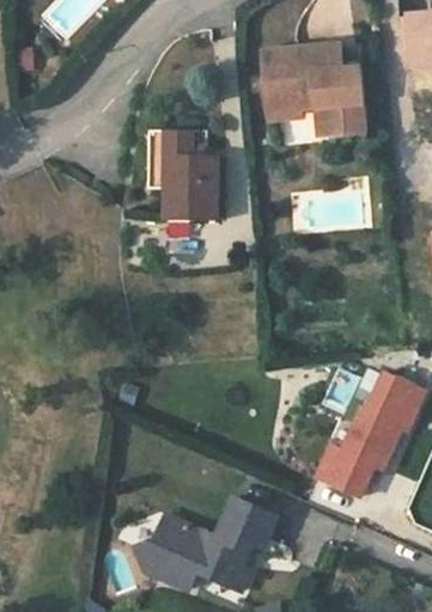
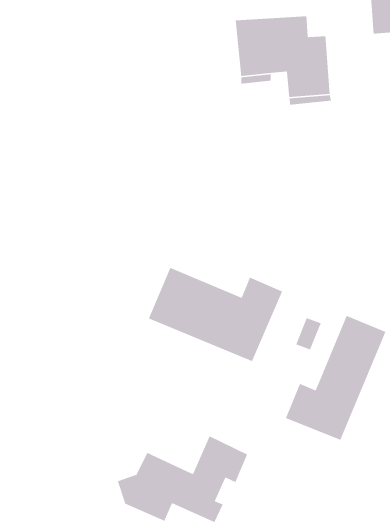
building: [165,130,217,220] -> none
building: none -> [148,267,283,362]

